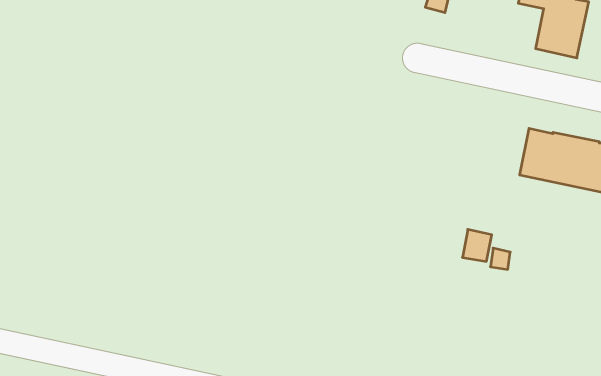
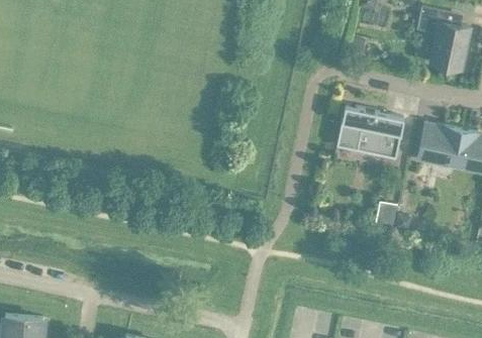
building: none -> [336,106,403,158]

